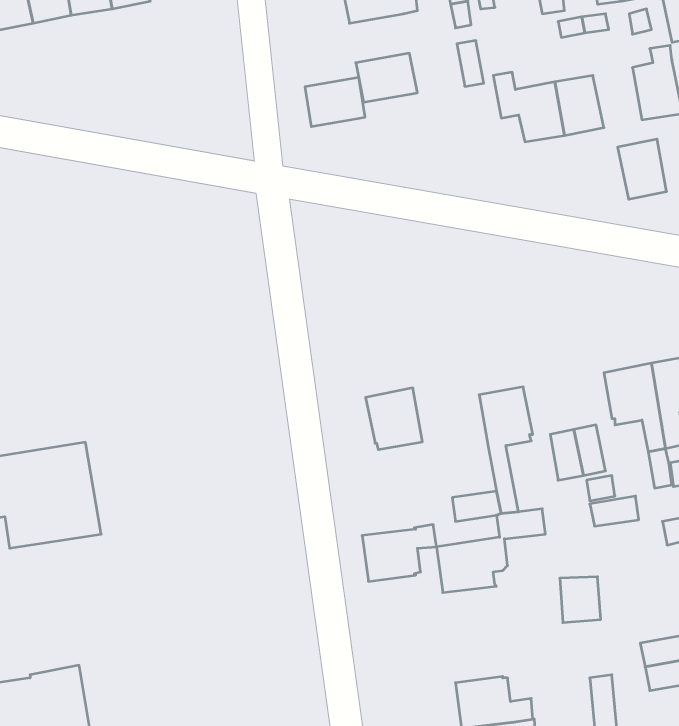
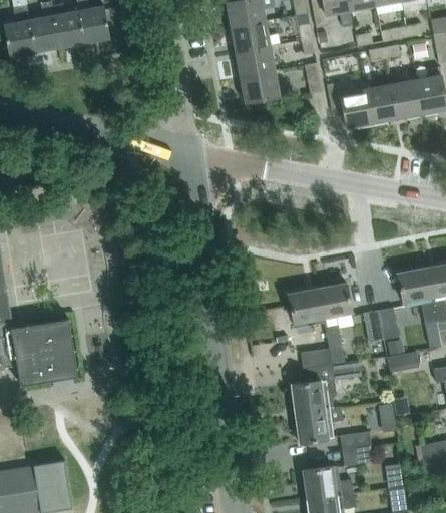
building: [305,78,365,127] -> [236,46,274,77]
building: [618,139,667,199] -> [390,80,421,118]
building: [366,388,422,450] -> [288,288,324,327]
building: [362,525,436,581] -> [295,406,342,442]
building: none -> [340,431,372,465]

